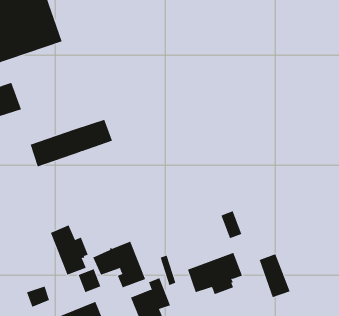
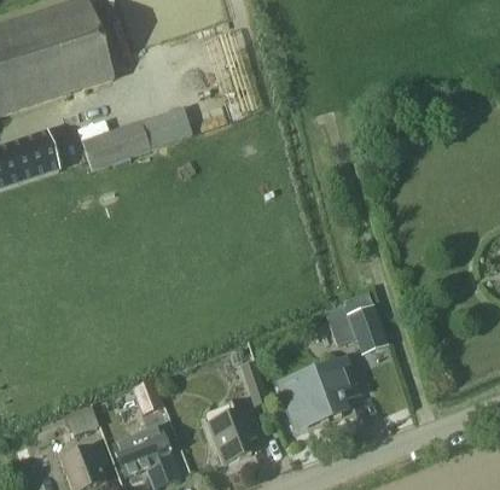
building: [30,119,113,167] -> [82,104,193,168]
building: [50,225,88,276] -> none
building: [93,241,146,288] -> none
building: [259,254,290,298] -> [344,291,386,350]

